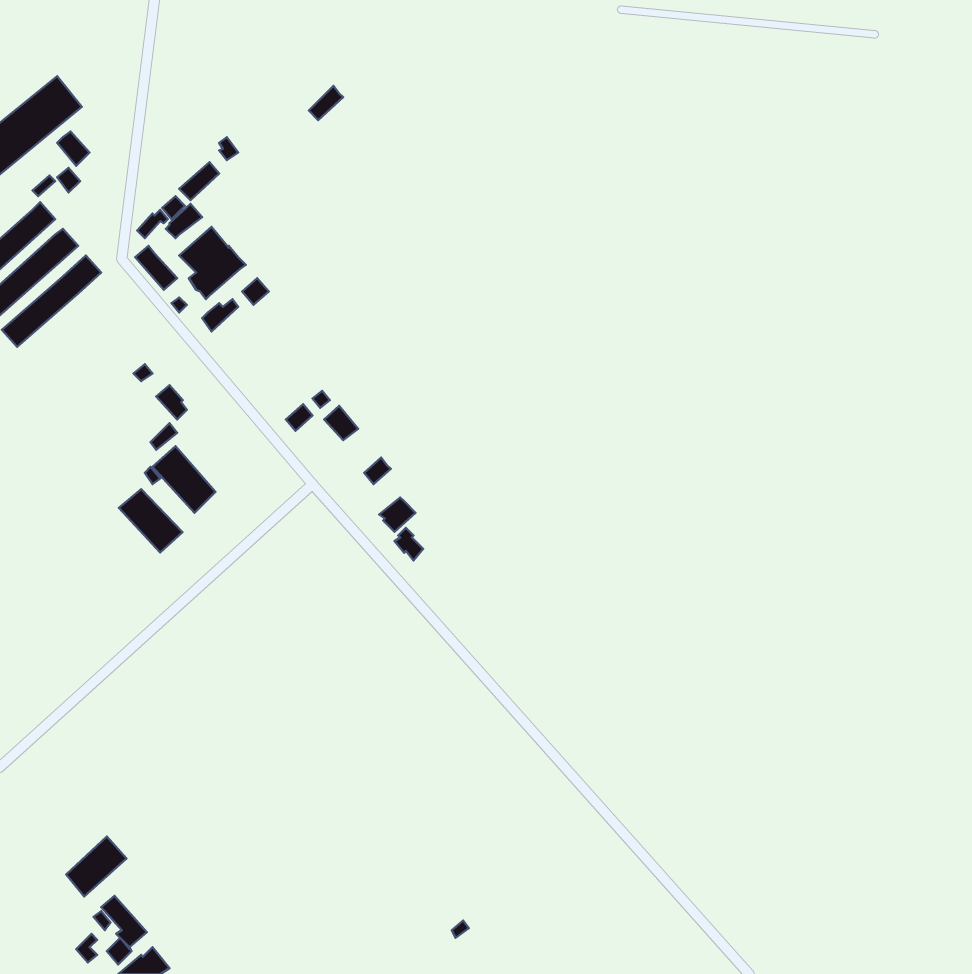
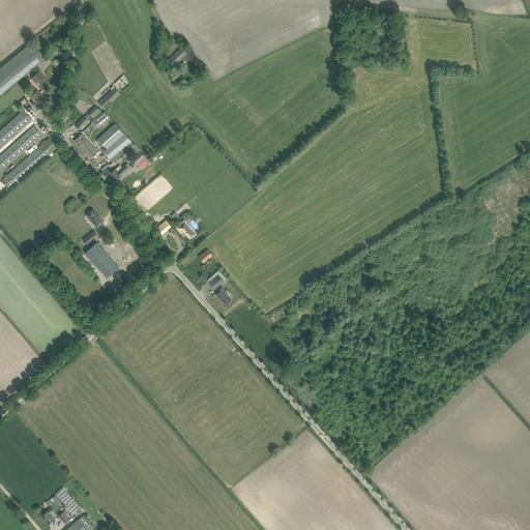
building: [119,489,183,553] -> none
building: [66,836,127,896] -> none

